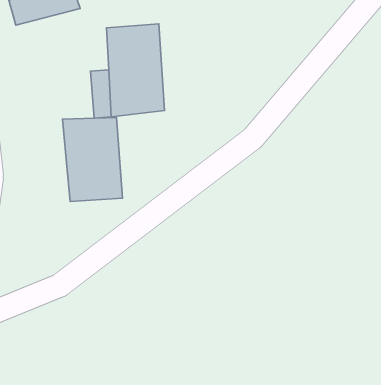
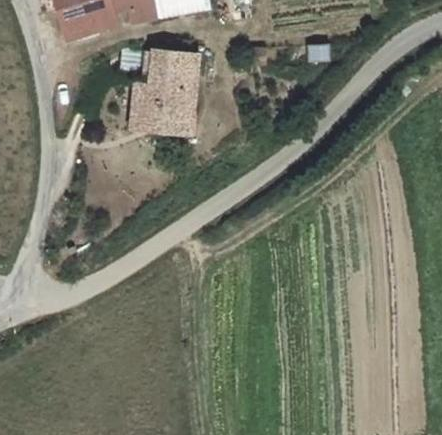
building: [63,118,123,201] -> none

